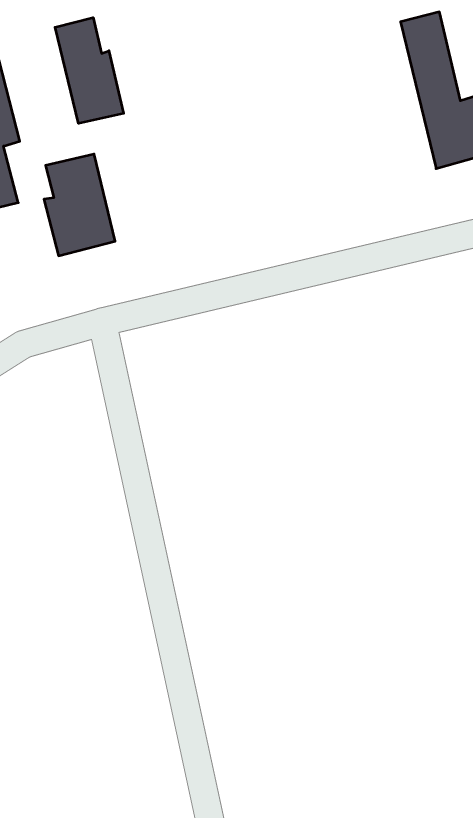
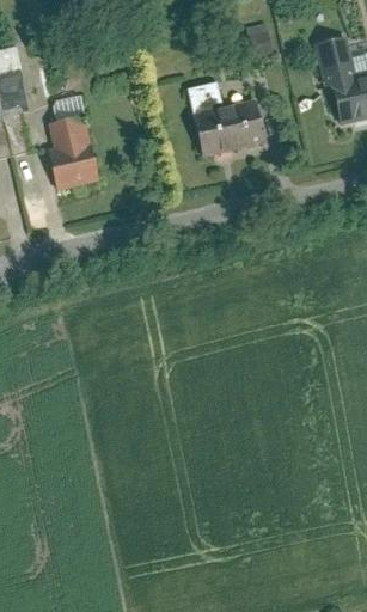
building: [55,18,124,123] -> none
building: none -> [186,81,263,157]

